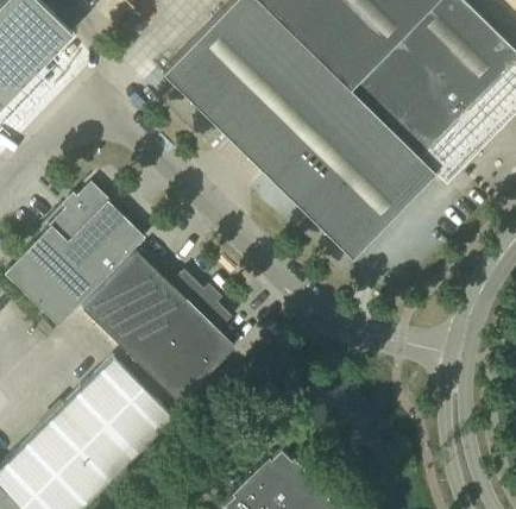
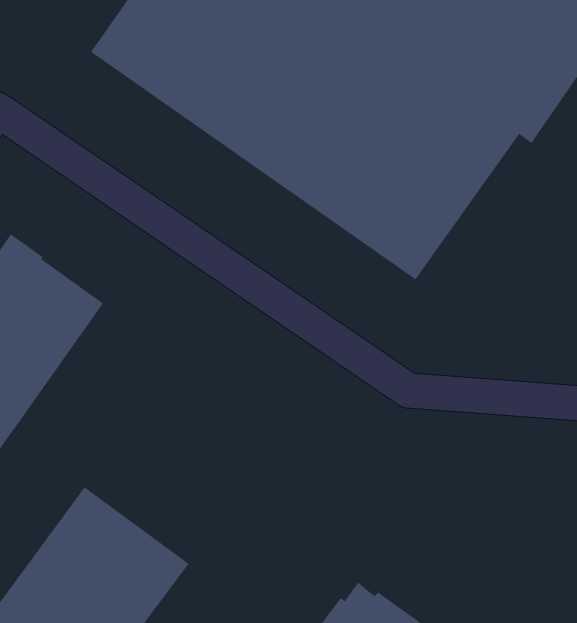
building: [83,253,235,404] -> none

